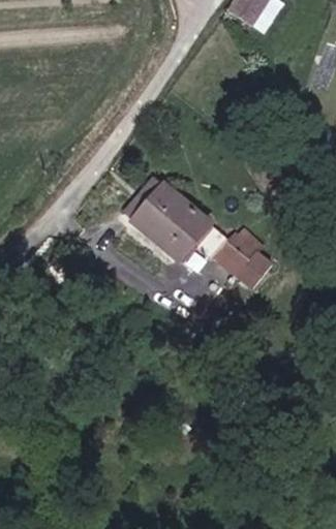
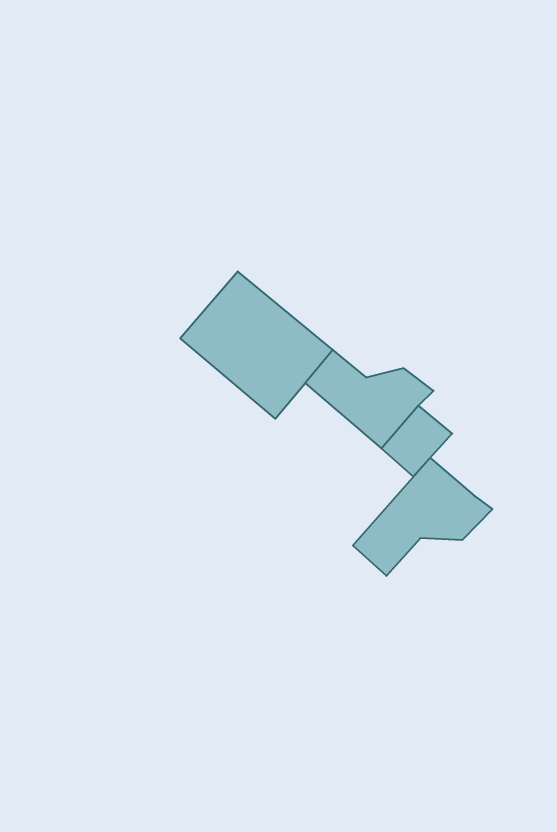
building: none -> [353,458,492,576]

